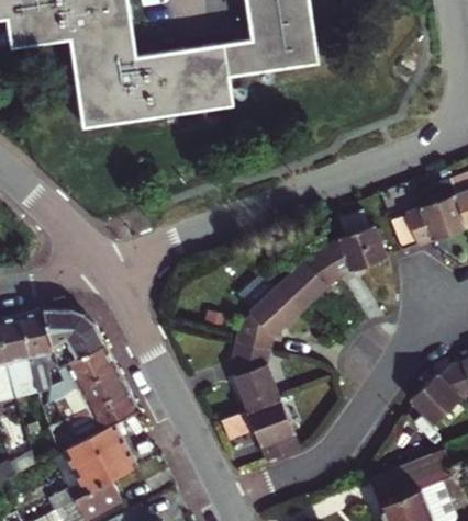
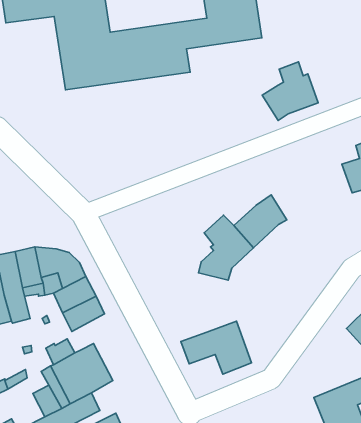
building: [323,208,389,278] -> [262,62,318,120]
building: [234,340,282,410] -> none
building: [88,388,137,431] -> none

